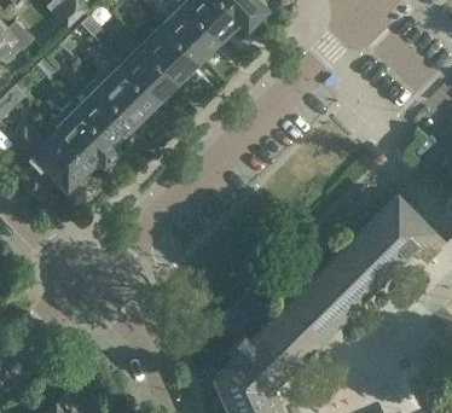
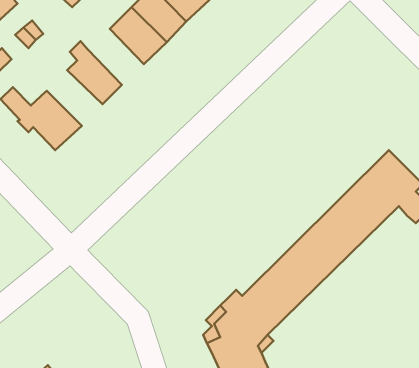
building: [104,68,160,123] -> none
building: [53,100,122,164] -> none

